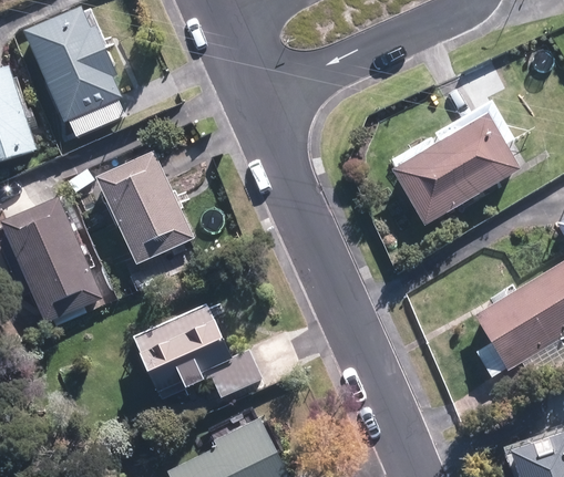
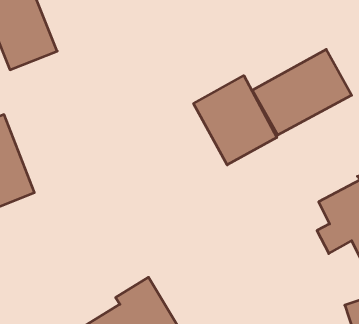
building: none -> [194,76,277,165]
building: [98,154,194,265] -> none
building: [134,304,268,403] -> none

